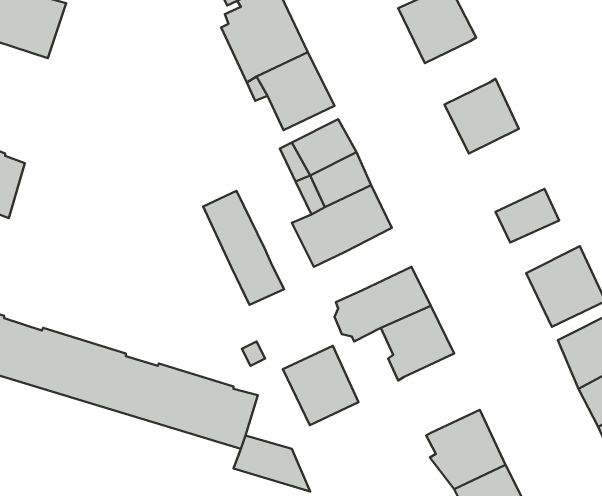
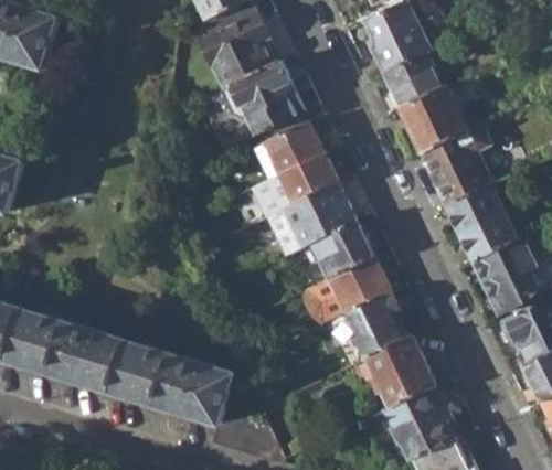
building: none -> [385,54,444,111]
building: none -> [425,127,496,209]
building: [203,191,284,305] -> none
building: none -> [463,216,529,264]
building: none -> [312,223,373,279]
building: [283,346,359,425] -> [367,337,435,408]

